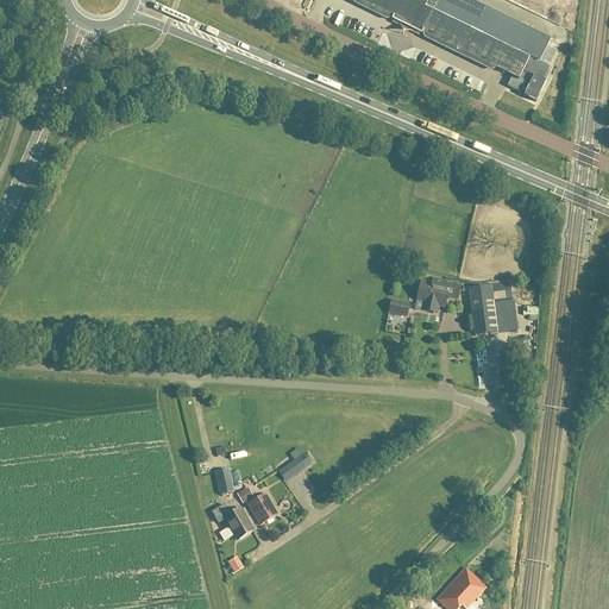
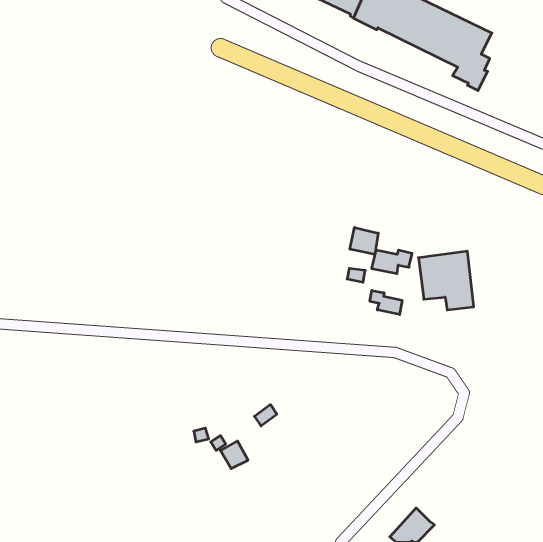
building: none -> [350,227,378,254]
building: none -> [370,290,402,315]
building: [209,503,252,539] -> none

